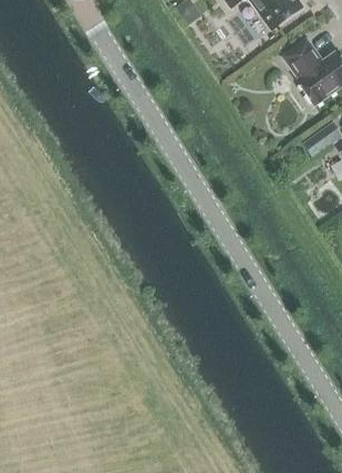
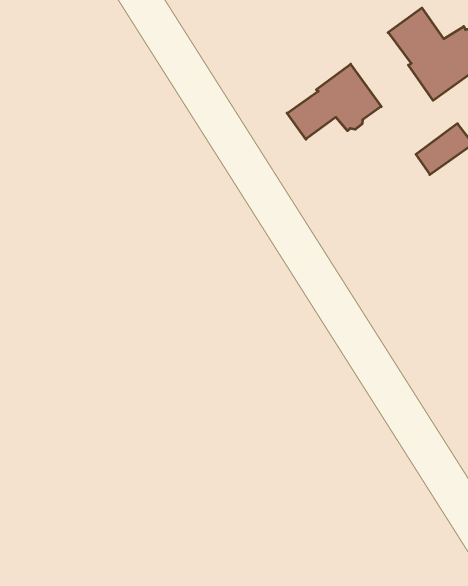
building: none -> [287,64,381,139]

